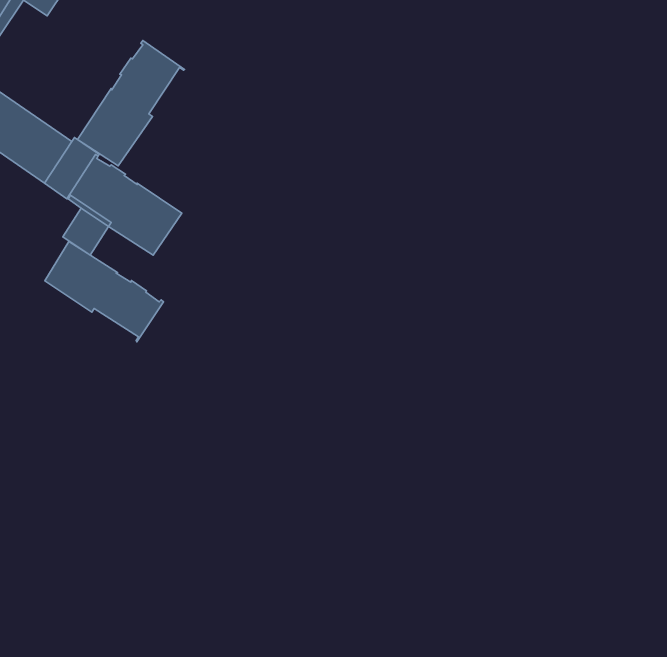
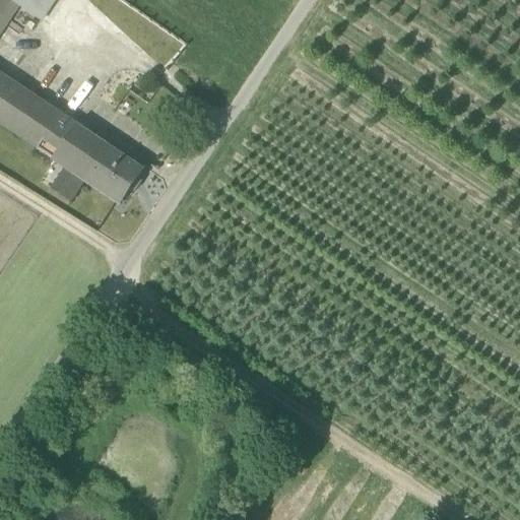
building: [77,40,185,166] -> none
building: [45,242,163,342] -> none

